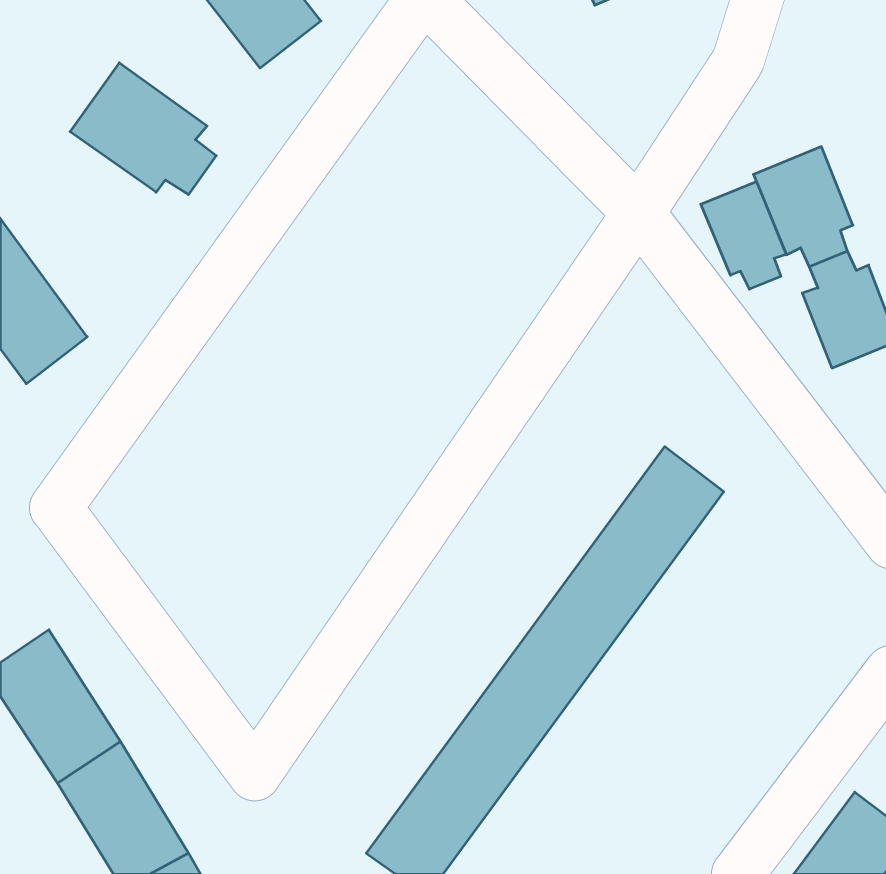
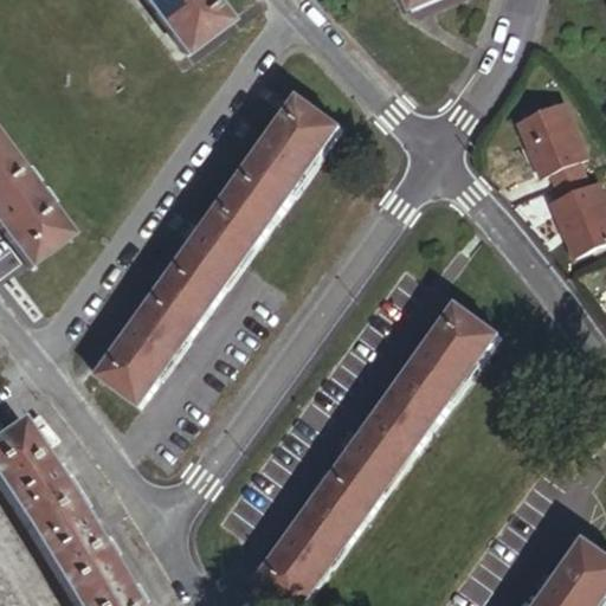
building: [70,63,216,195] -> none
building: none -> [94,95,335,404]
building: [701,181,786,289] -> none

